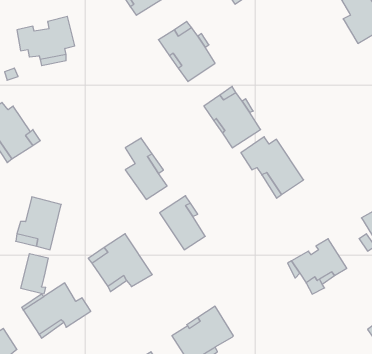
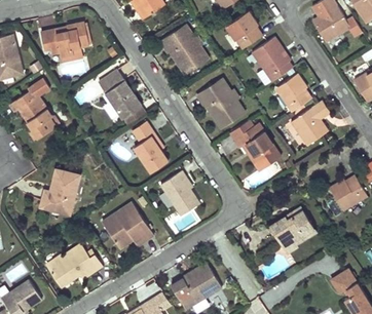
building: none -> [225,11,262,49]
building: none -> [250,36,293,86]
building: none -> [98,69,144,125]
building: none -> [276,73,311,111]
building: none -> [291,100,330,145]
building: [21,254,48,294] -> none

